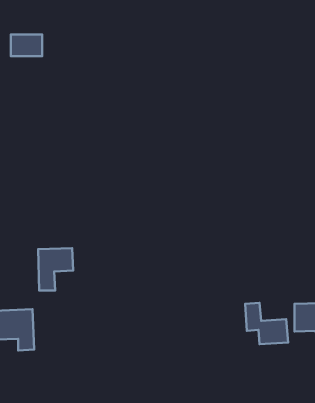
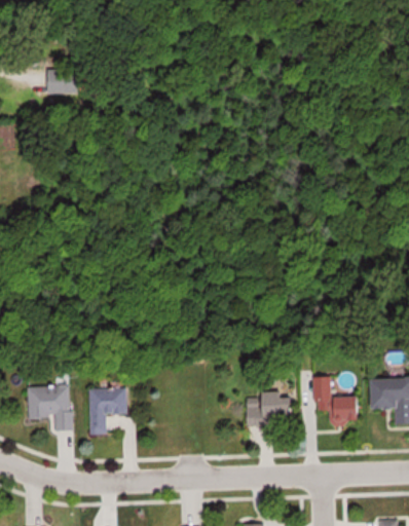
building: [38,248,73,290] -> [86,386,126,435]
building: none -> [248,391,293,423]

